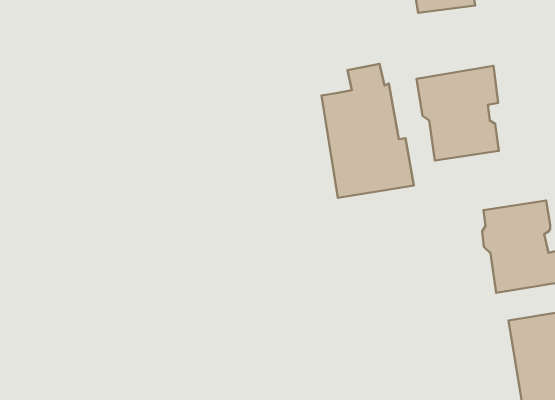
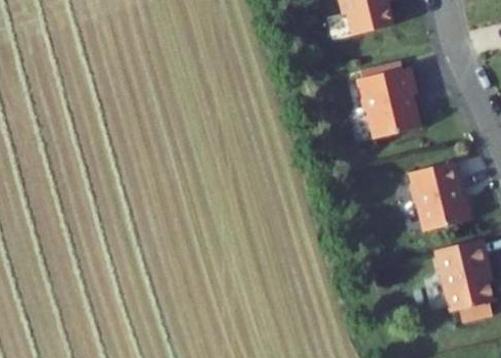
building: [322,64,414,198] -> none

